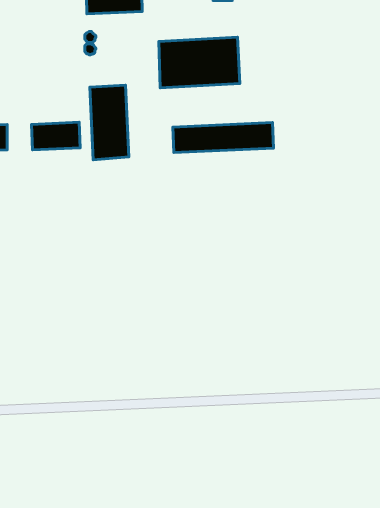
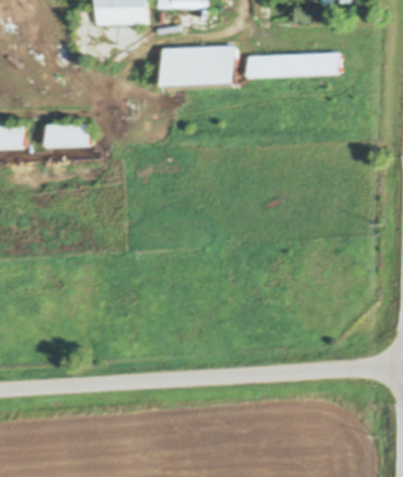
building: [90,85,129,160] -> none
building: [173,123,274,152] -> [246,52,338,79]

